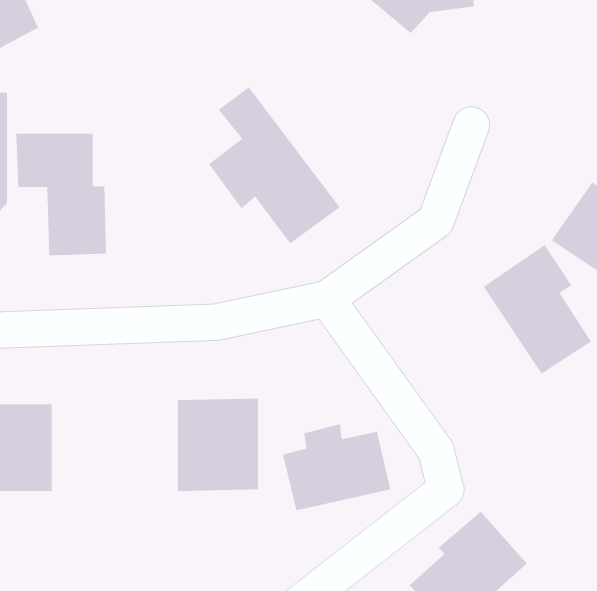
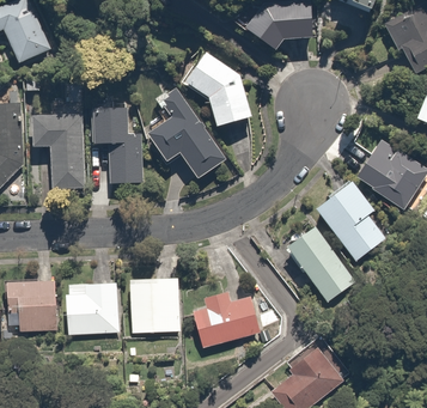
building: none -> [185,53,252,126]
building: none -> [91,102,142,185]
building: none -> [287,223,355,297]
building: none -> [68,284,120,335]

